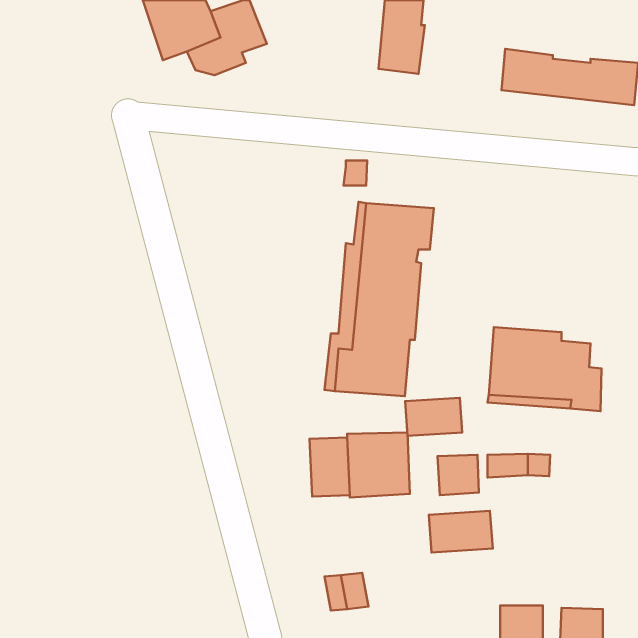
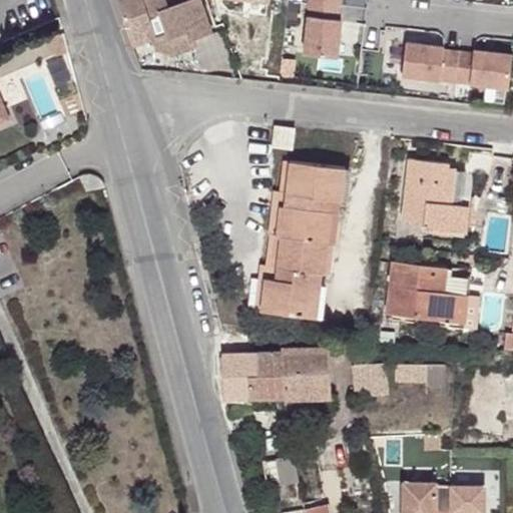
building: none -> [405,159,473,231]
building: [405,398,462,436] -> none
building: none -> [219,353,249,401]
building: [429,511,493,553] -> none

